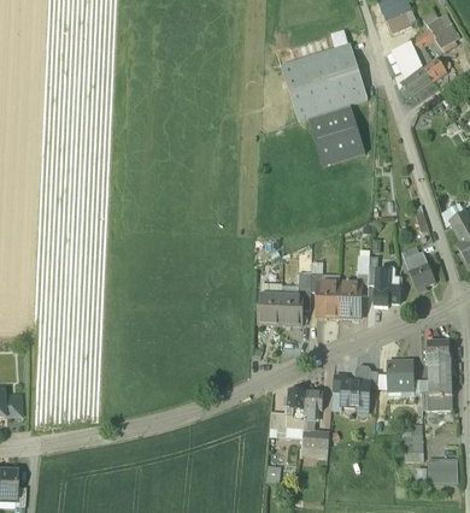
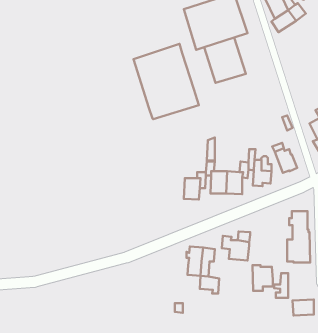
building: none -> [134,44,199,119]
building: [258,294,281,323] -> none
building: [386,360,413,395] -> [252,265,273,291]

